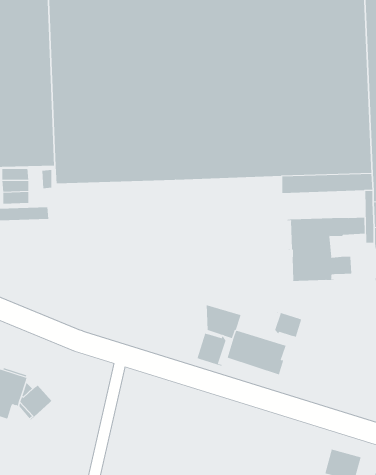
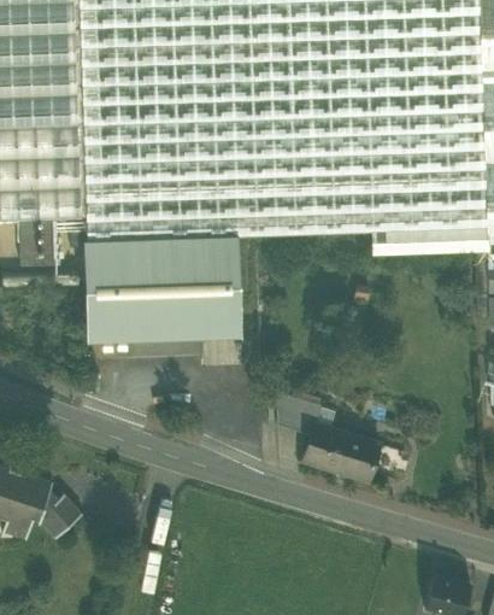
building: none -> [87,234,241,335]
building: [287,217,365,282] -> none
building: [275,311,302,338] -> none
building: [197,333,226,367] -> none

